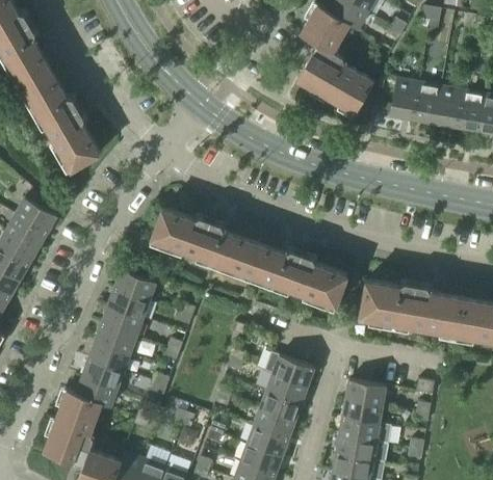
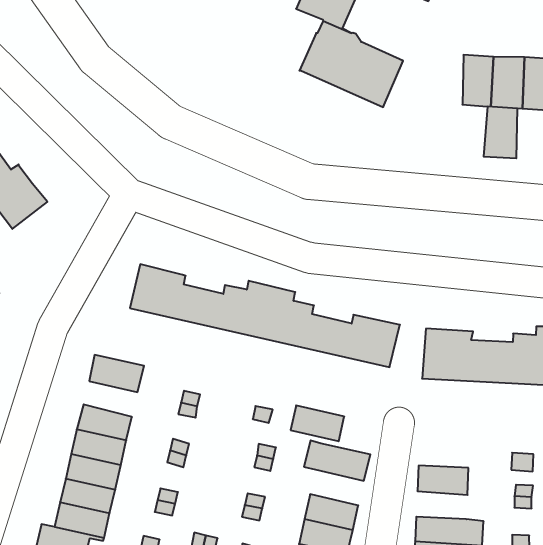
building: [389,80,418,121] -> [484,107,517,158]
building: [108,290,149,320] -> none
building: [266,375,307,405] -> [291,405,344,441]
building: [342,400,382,425] -> none

